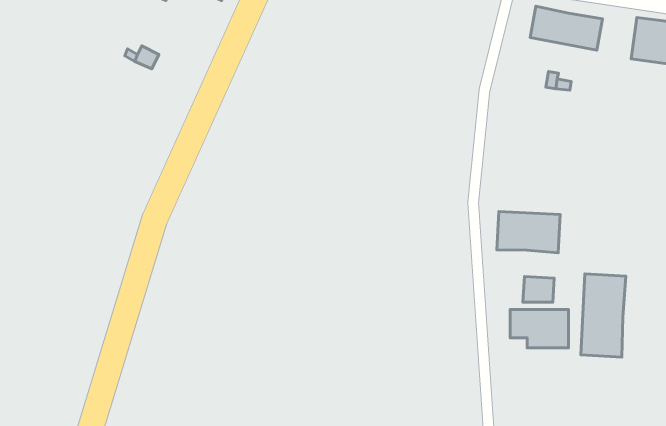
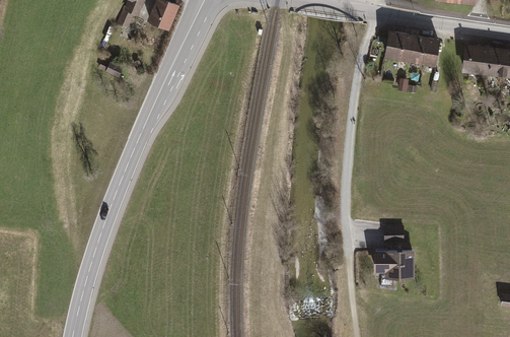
building: [497,211,560,253] -> none
building: [581,274,626,357] -> none

